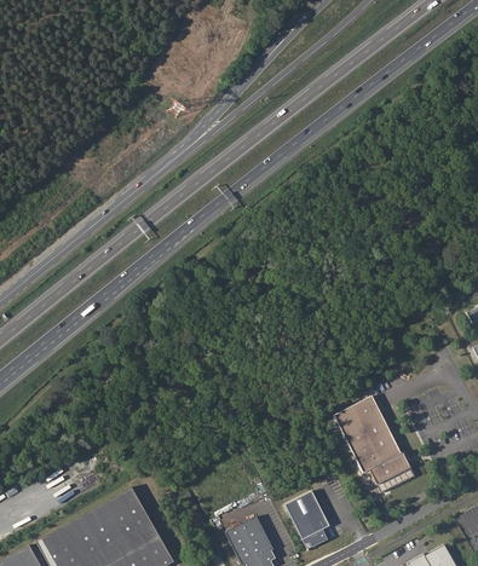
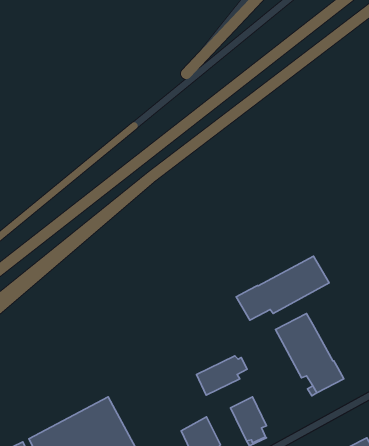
building: none -> [236,256,329,320]
building: none -> [196,356,247,395]

